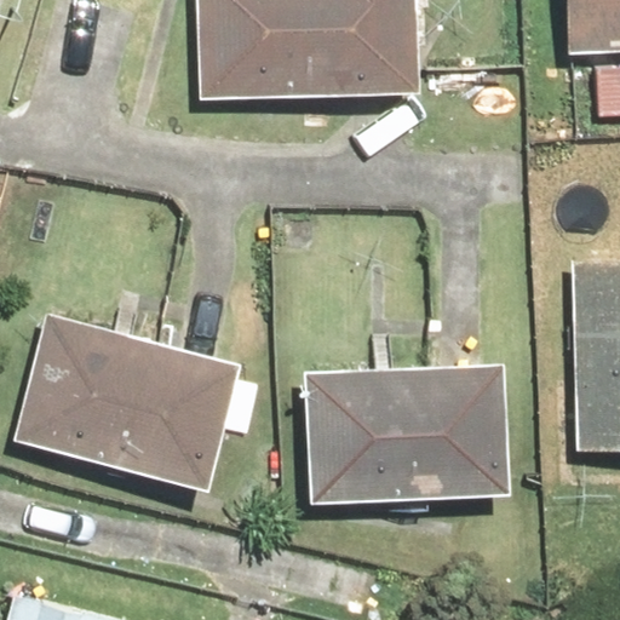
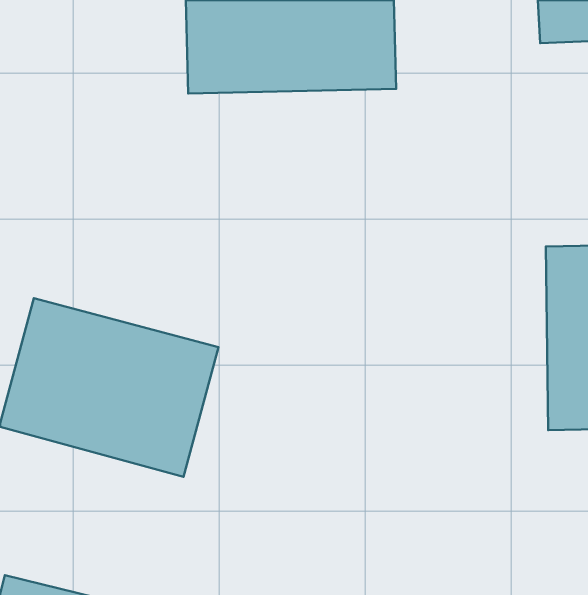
building: [302,363,509,505] -> none

